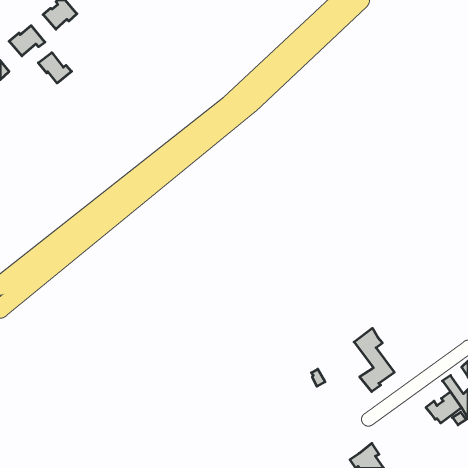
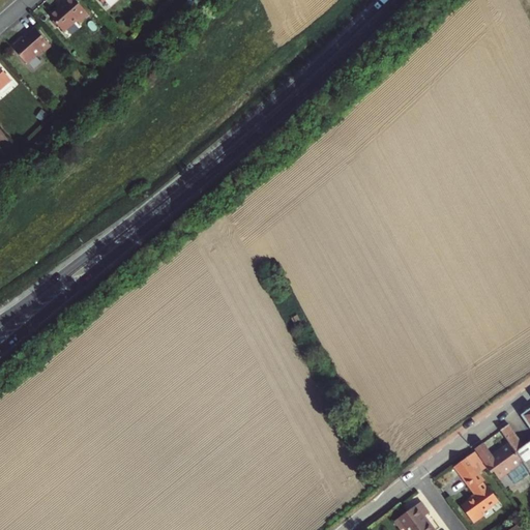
building: [38,53,72,83] -> none
building: [354,328,394,392] -> [454,450,500,522]

